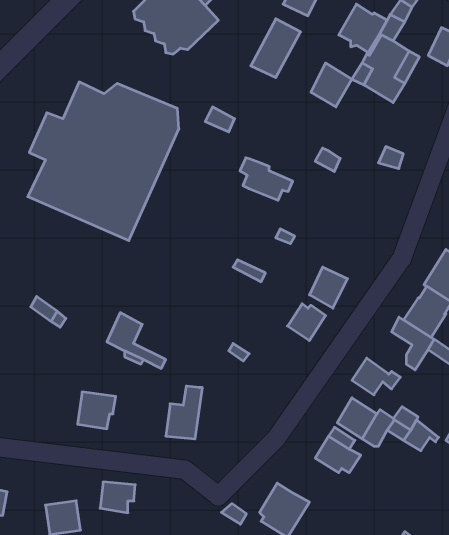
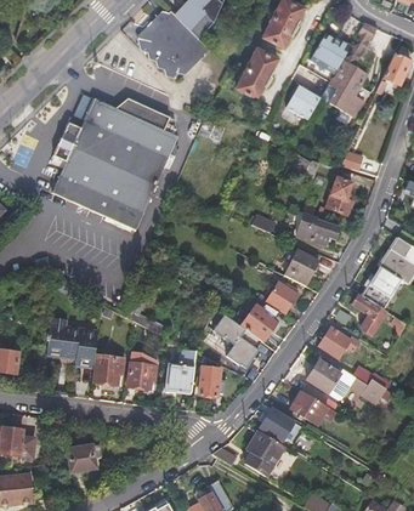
building: [240,158,293,200] -> [294,210,338,245]
building: none -> [327,178,353,215]
building: none -> [239,305,276,342]
building: none -> [47,317,97,364]
building: none -> [228,337,260,376]
building: none -> [199,367,227,396]
building: none -> [260,405,304,443]
building: [100,482,135,513] -> [127,363,157,388]

